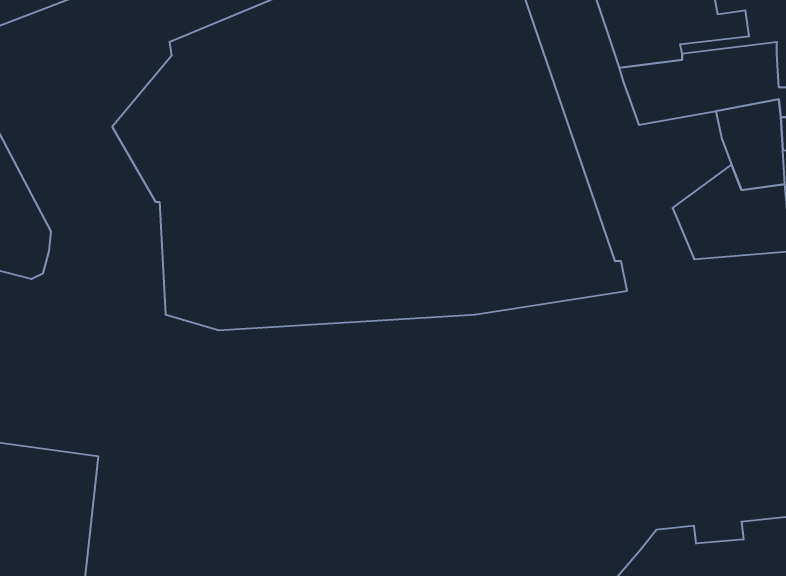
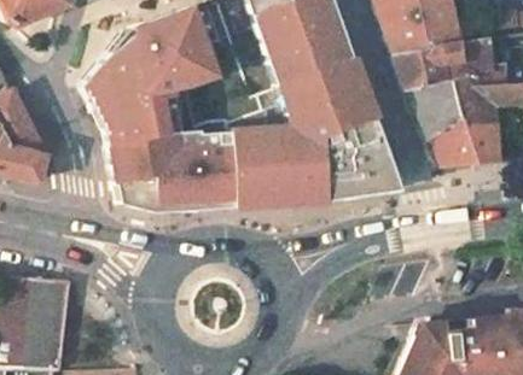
building: none -> [408,76,465,135]

